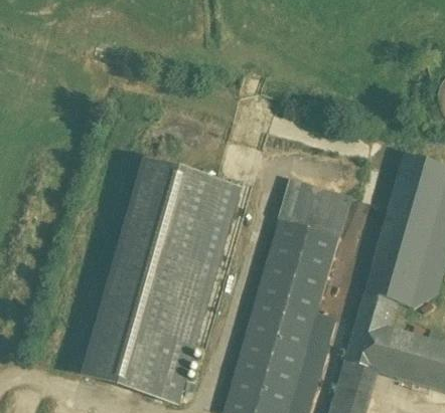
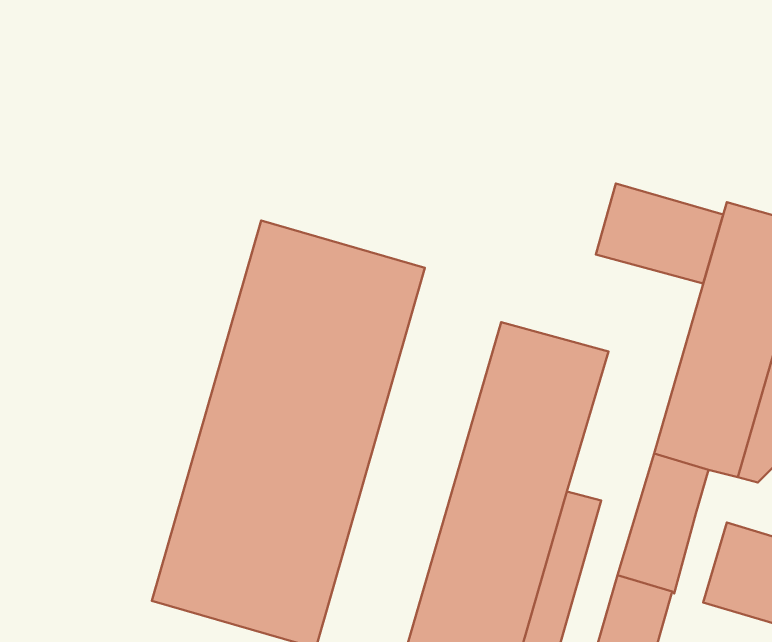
building: [281,181,351,236] -> [596,184,723,284]
building: [377,326,406,375] -> none

